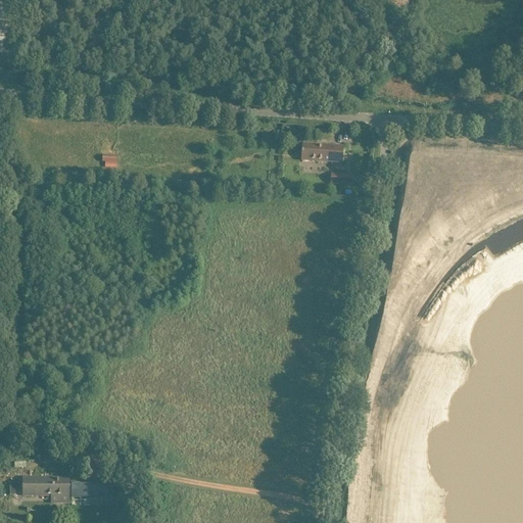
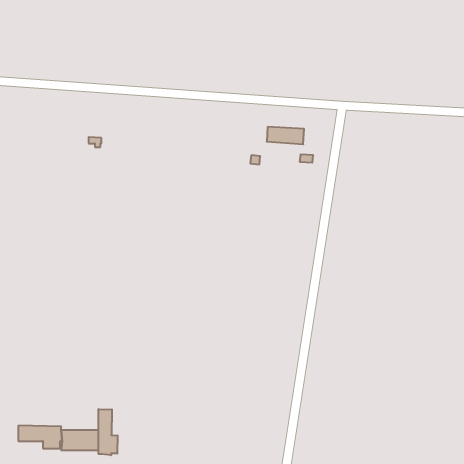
building: none -> [99,409,118,455]

